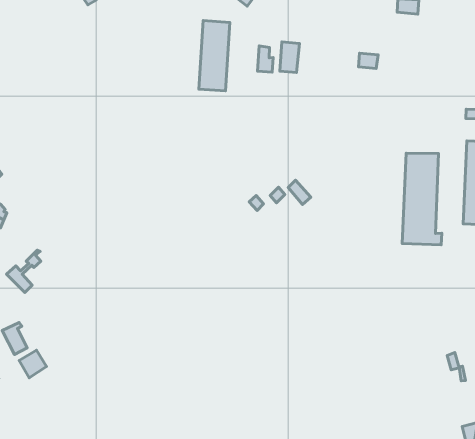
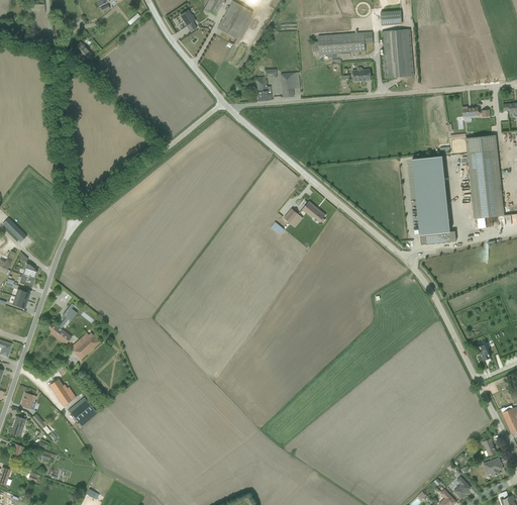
building: none -> [313,32,374,56]
building: none -> [383,29,415,78]
building: [199,21,230,91] -> none
building: none -> [70,331,100,360]

